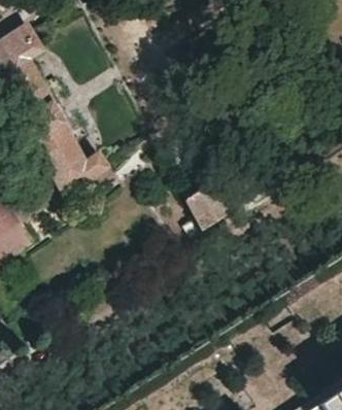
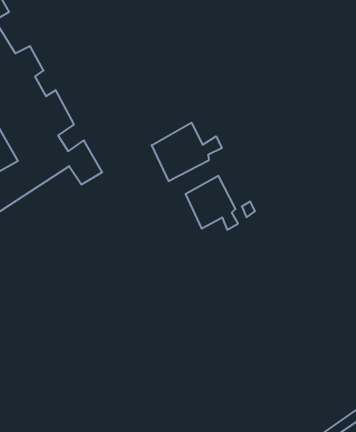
building: none -> [152,123,222,181]

